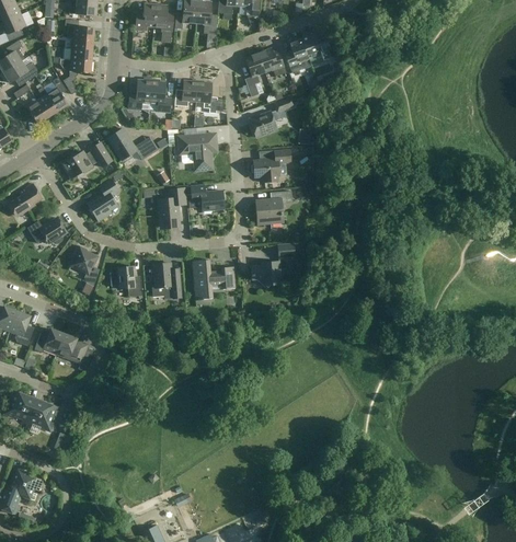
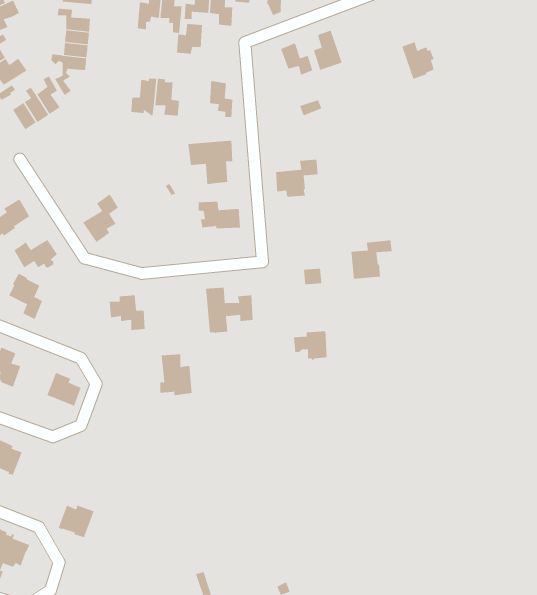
building: [301,33,330,66] -> [401,41,434,79]
building: [244,54,264,96] -> none
building: [174,80,197,106] -> [176,24,203,54]
building: [250,112,277,137] -> none
building: [107,128,159,160] -> none
building: [61,142,112,180] -> none
building: [158,188,185,226] -> none
building: [256,191,293,224] -> [351,240,392,279]
building: [70,245,100,286] -> [8,273,43,320]
building: [251,261,280,287] -> [293,331,328,361]
building: [152,263,181,299] -> [160,354,193,396]
building: [34,328,64,353] -> none
building: [27,402,59,430] -> [58,505,95,538]

